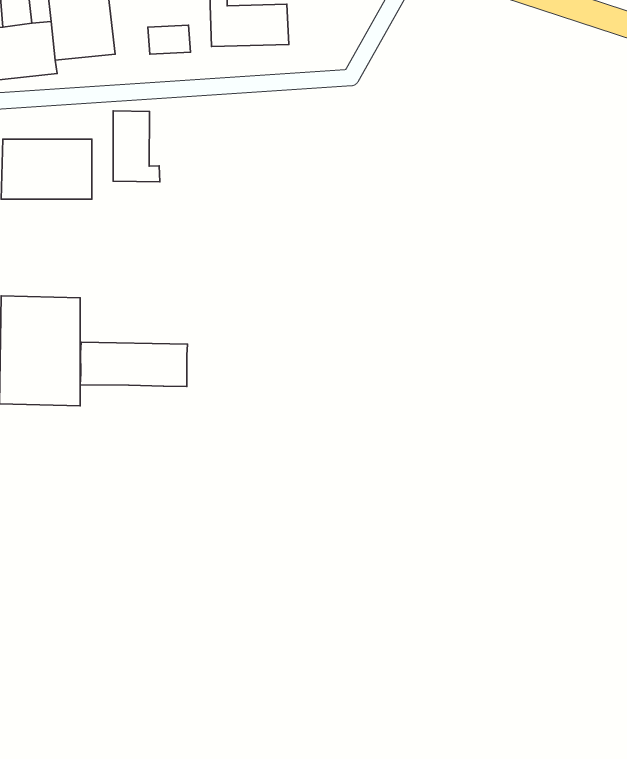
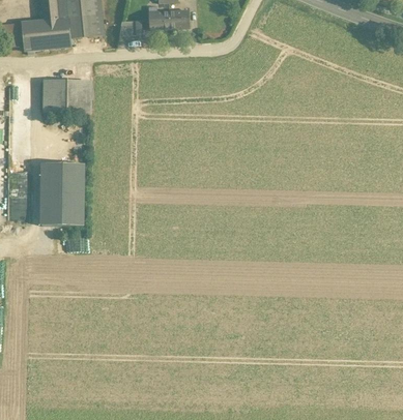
building: [113,111,160,182] -> none
building: [80,342,188,387] -> none

